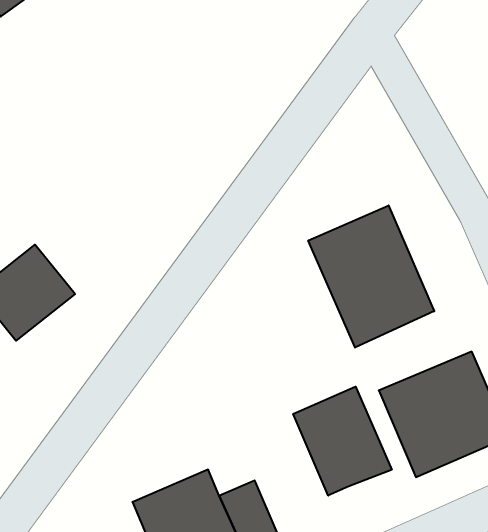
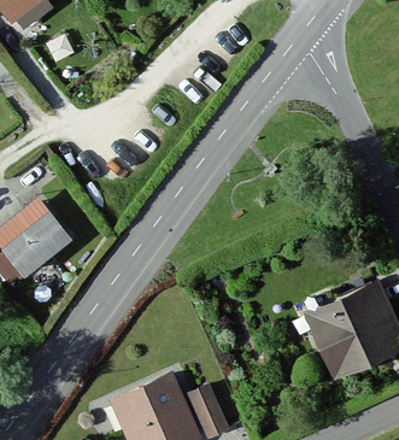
building: [308,205,434,348] -> none
building: [293,387,392,496] -> none

